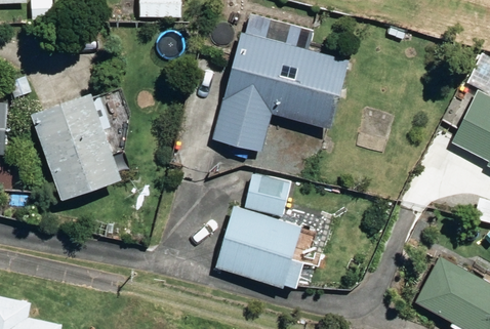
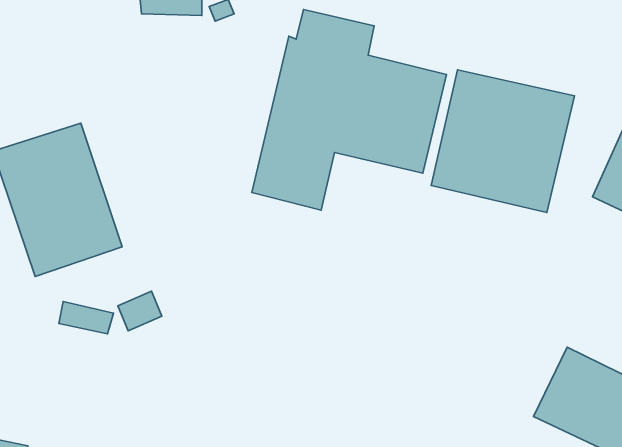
building: none -> [431,70,575,213]
building: [215,176,304,291] -> none

